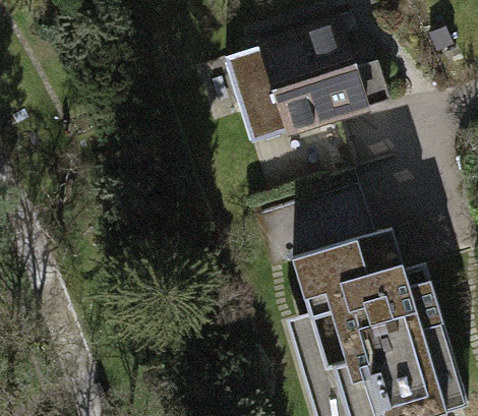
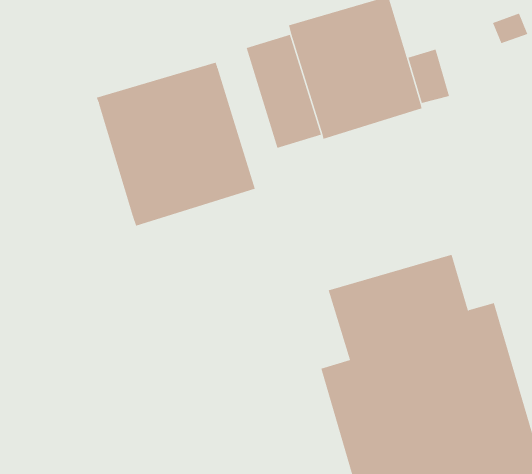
building: none -> [96,62,256,227]

